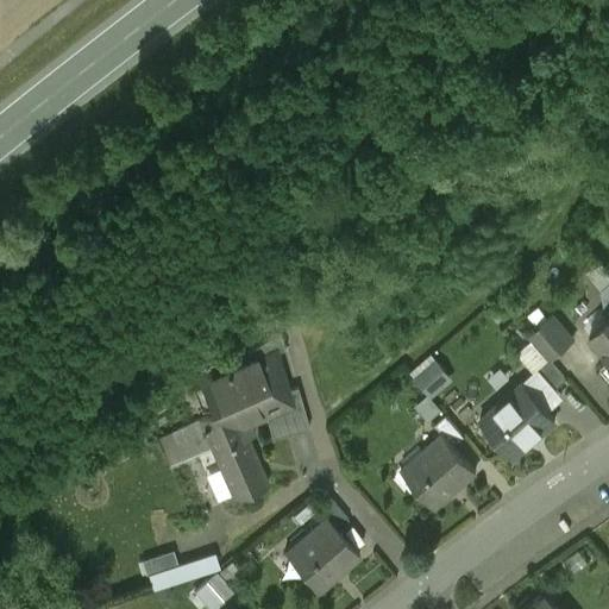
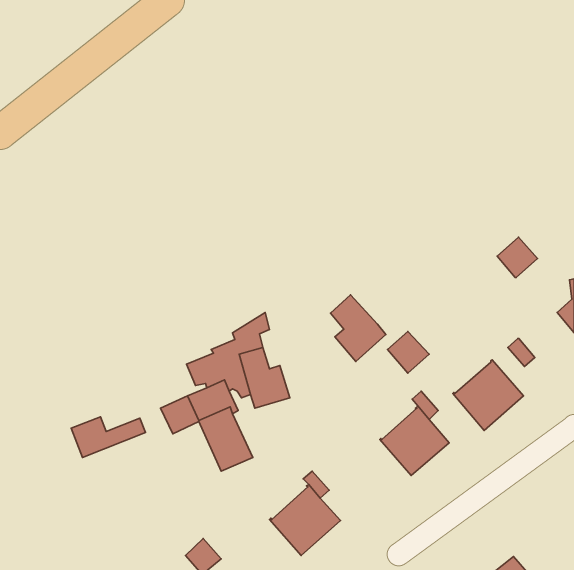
building: none -> [330,295,386,361]
building: [529,320,572,363] -> [497,237,538,278]
building: [142,551,220,594] -> [71,417,145,457]

